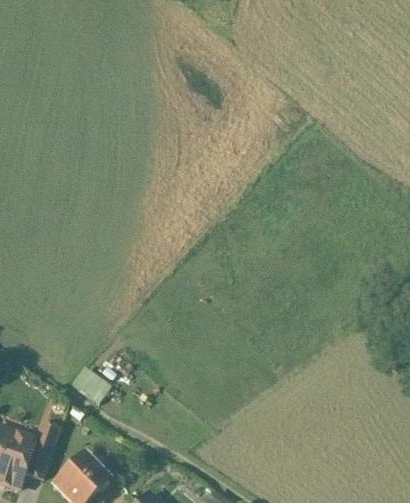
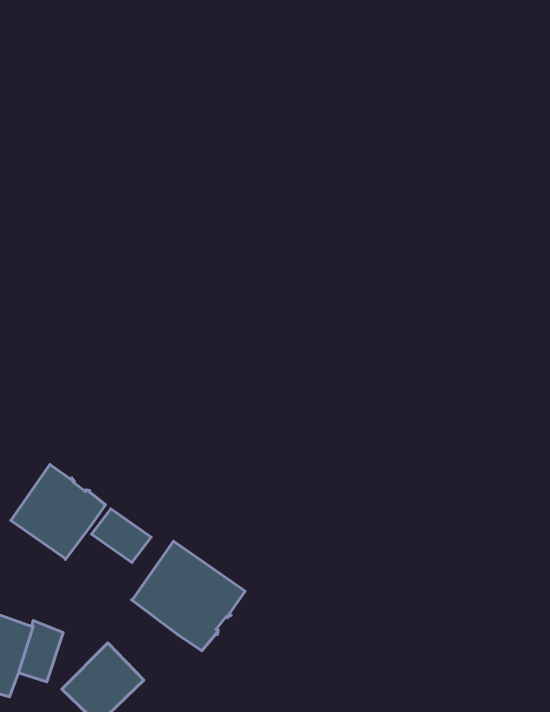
building: none -> [11,465,105,559]
building: none -> [132,541,245,651]

